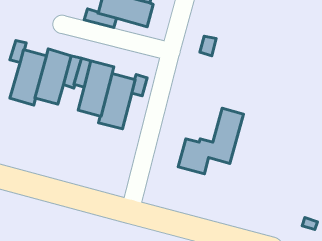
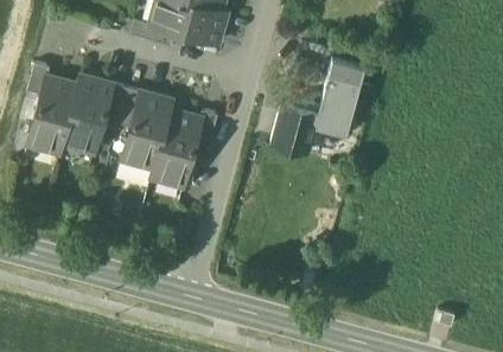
building: [178,108,244,174] -> [272,60,363,152]

